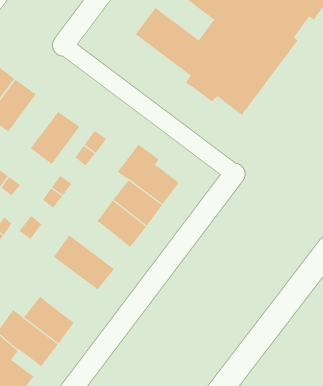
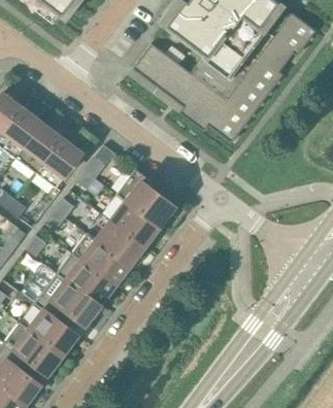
building: none -> [16,123,62,172]
building: none -> [72,232,129,283]
building: none -> [35,272,99,324]

